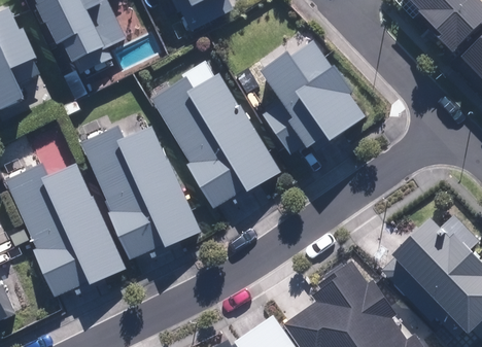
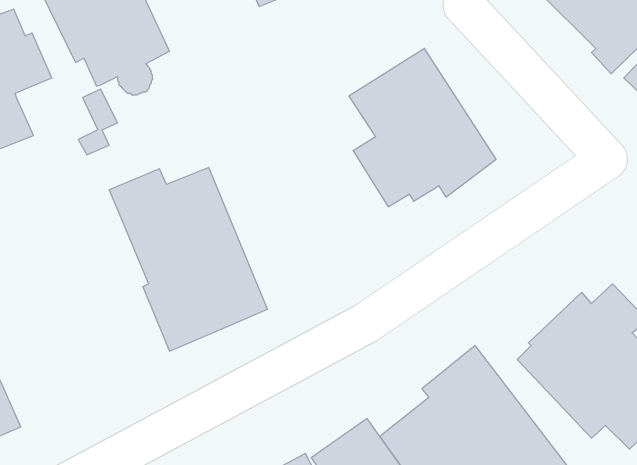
building: [151,73,282,210] -> none
building: [8,163,126,299] -> none

